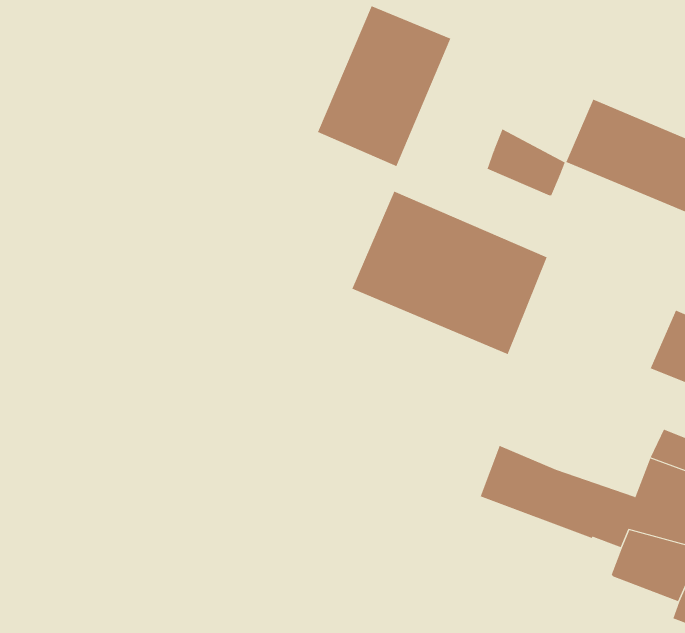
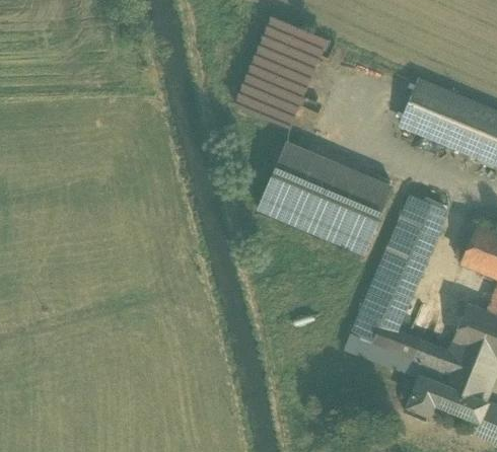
building: [487,128,566,196] -> none
building: none -> [357,196,446,330]
building: none -> [405,376,439,421]

